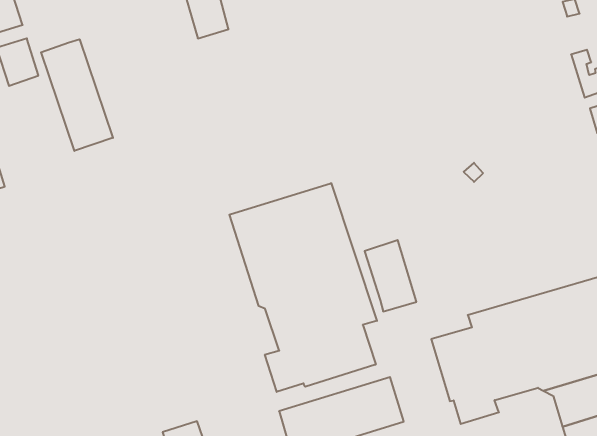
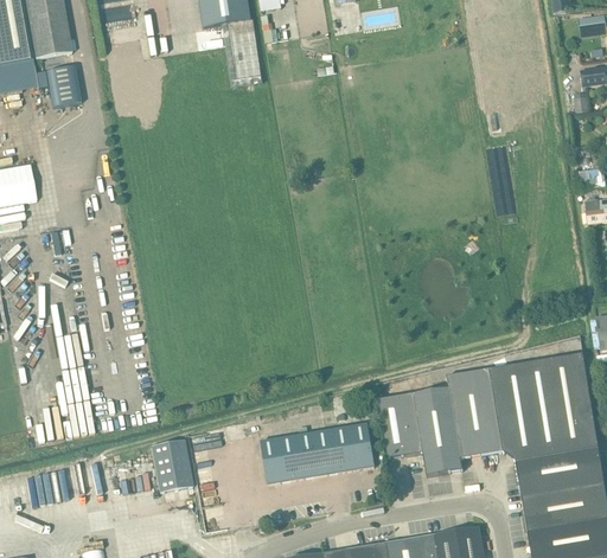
building: [41,39,113,151] -> none
building: [229,183,377,392] -> none
building: [365,240,416,311] -> [378,393,420,457]

